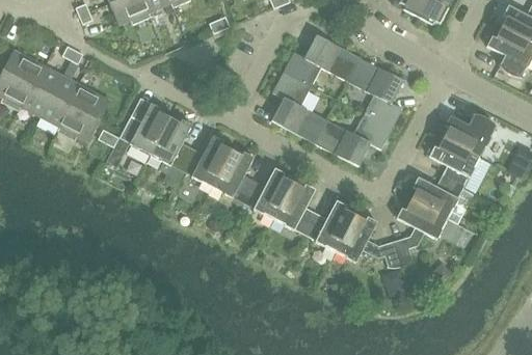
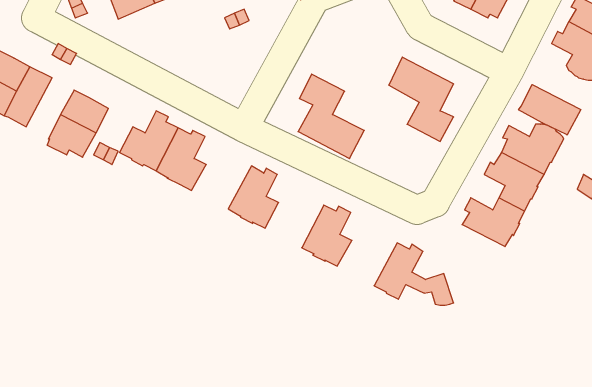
building: [283,34,360,86] -> none
building: [41,75,81,127] -> none
building: none -> [519,85,581,135]
building: [315,114,392,166] -> none
building: [181,136,232,186] -> none
building: [243,168,293,219] -> none
building: [395,199,447,266] -> none
building: [304,200,355,251] -> none

